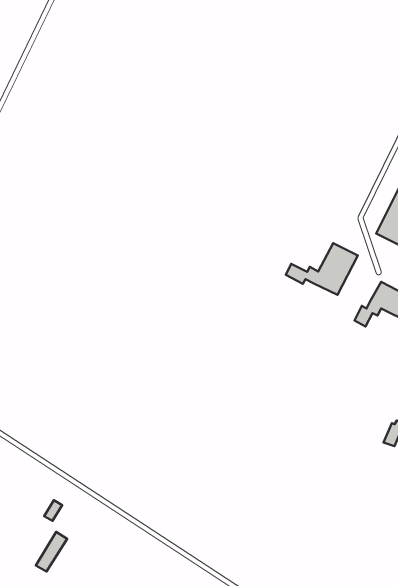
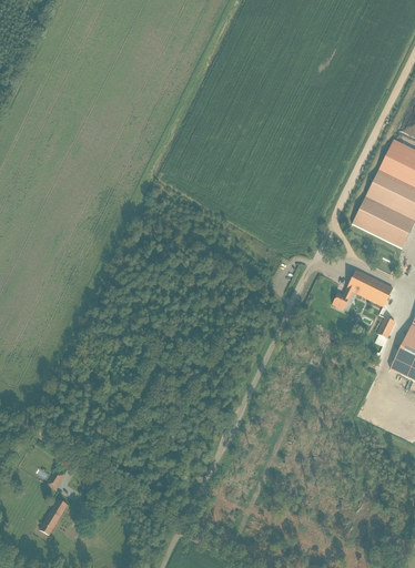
building: [286,243,358,295] -> none

